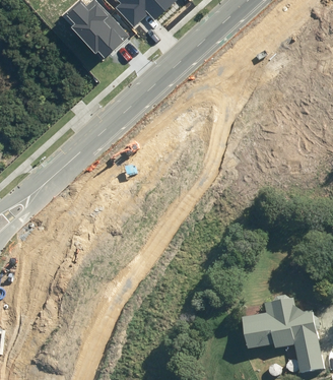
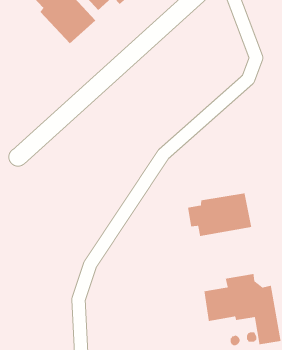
building: none -> [187,193,252,237]

